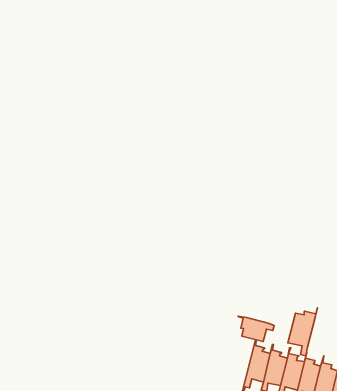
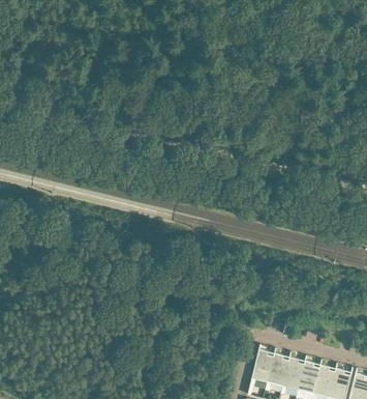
building: [288,308,318,356] -> none
building: [238,316,274,341] -> none

